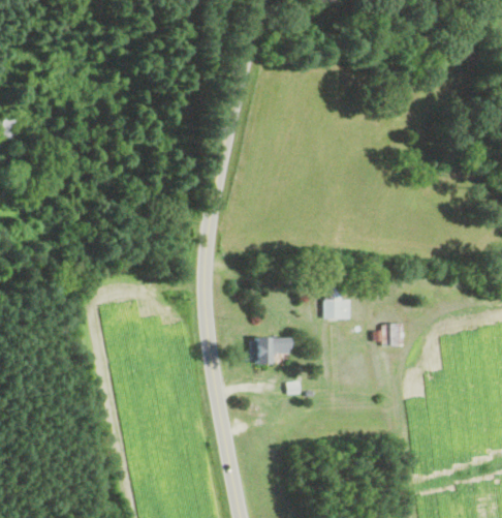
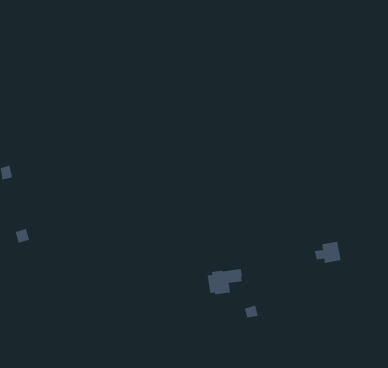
building: [324,287,350,318] -> none

